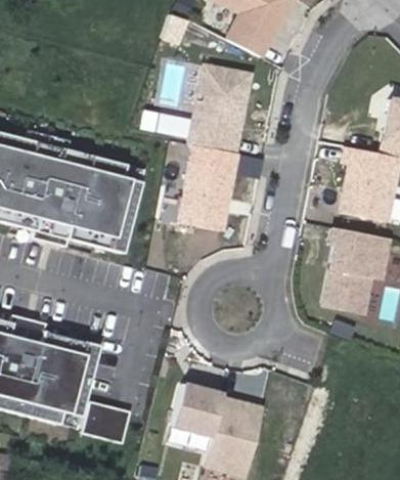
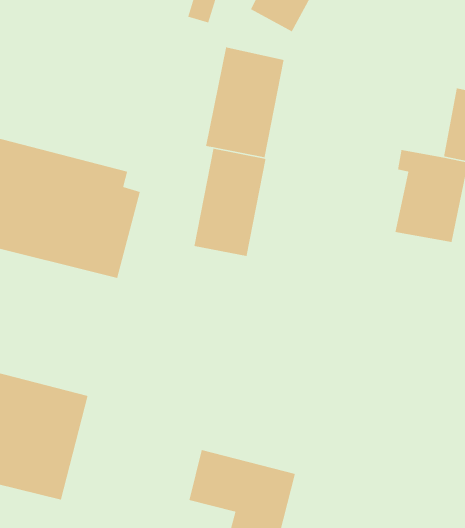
building: [325,229,391,312] -> none
building: [83,400,131,441] -> none

